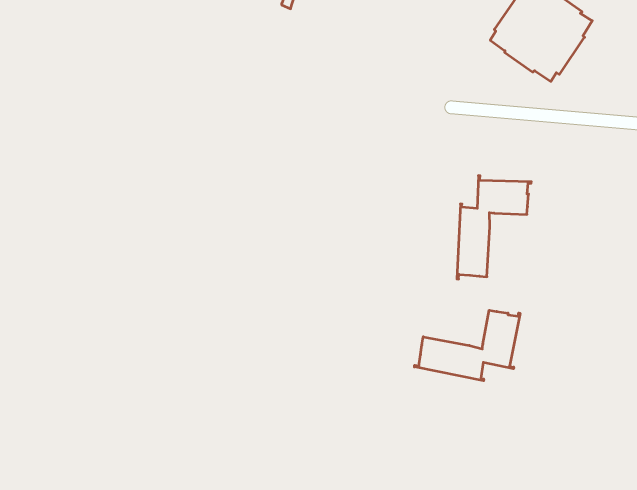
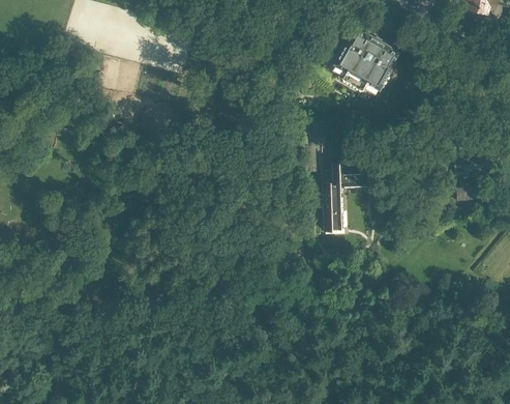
building: [414,310,520,381] -> none

